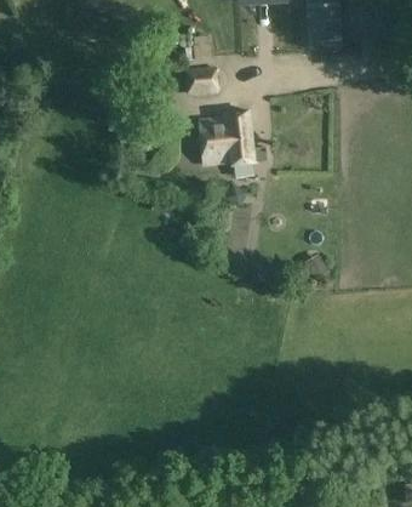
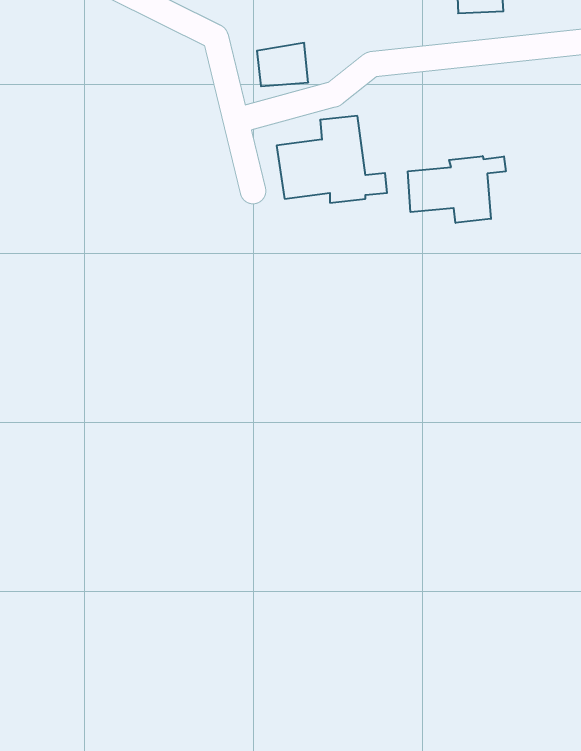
building: none -> [408,156,506,223]

